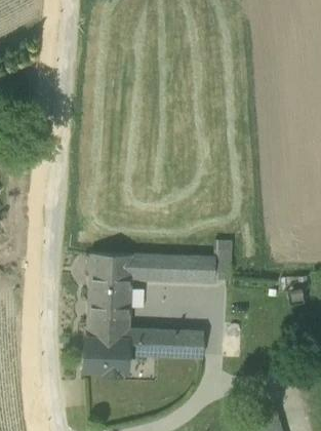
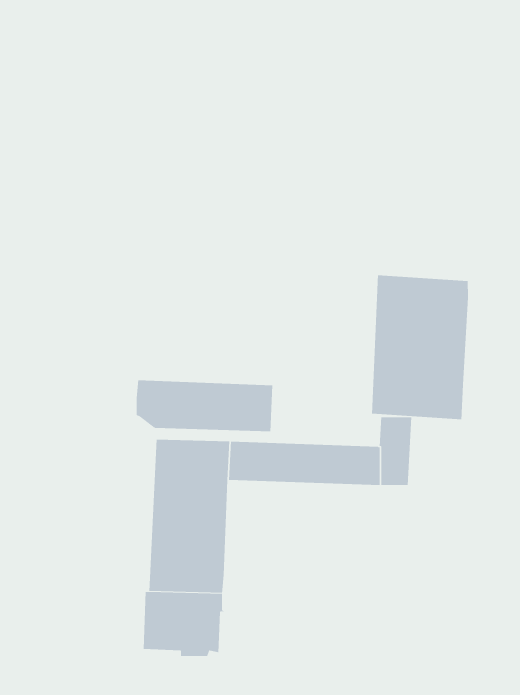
building: none -> [371,274,469,420]
building: [128,328,204,357] -> [136,380,273,432]

